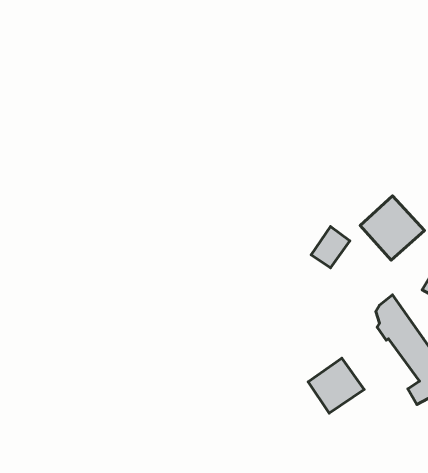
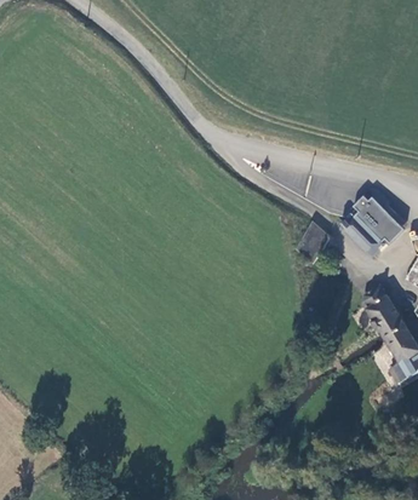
building: [308,358,364,413] -> none

